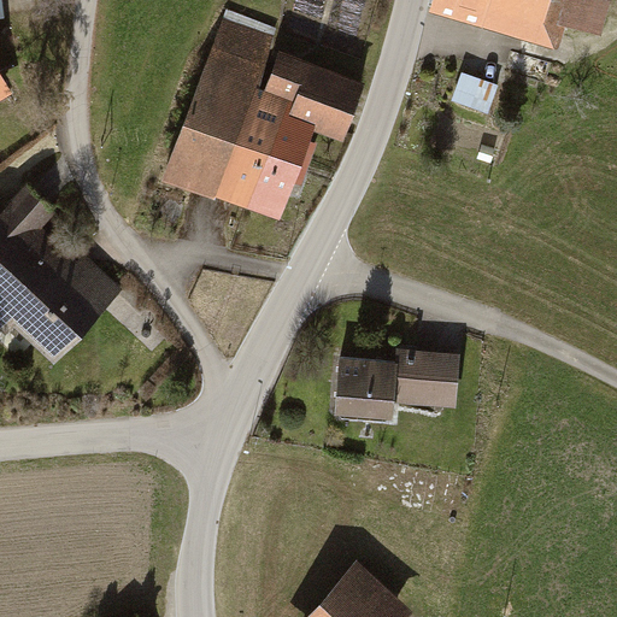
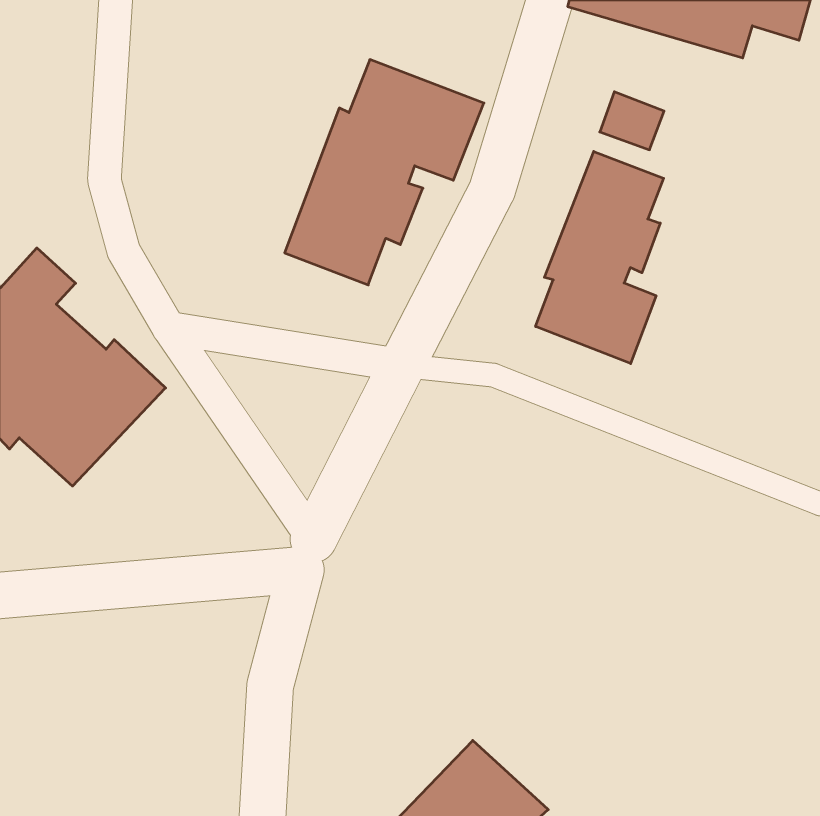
building: [160,12,276,199] -> none
building: none -> [536,151,664,364]
building: [331,349,459,419] -> none

